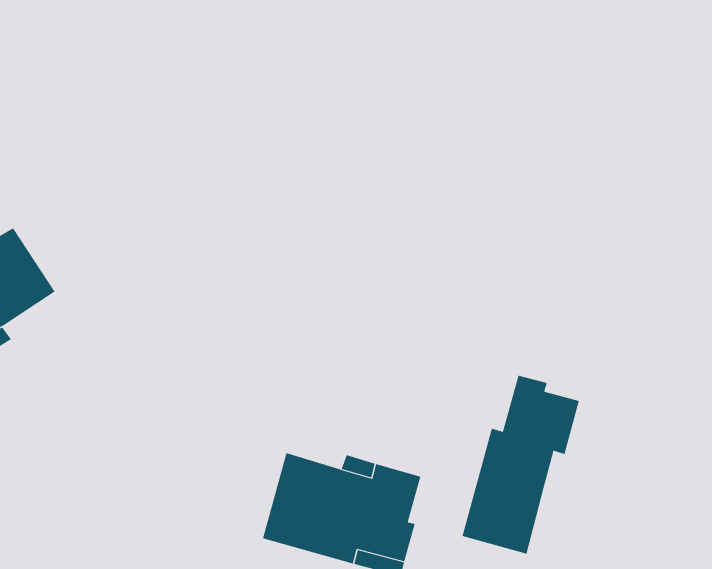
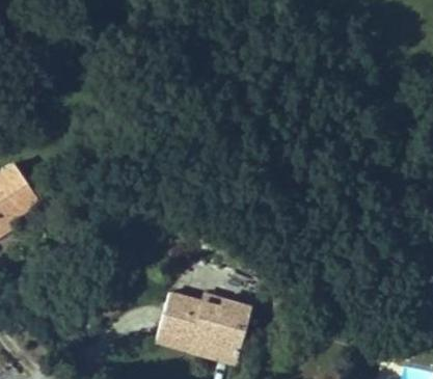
building: [462,375,580,554] -> none

